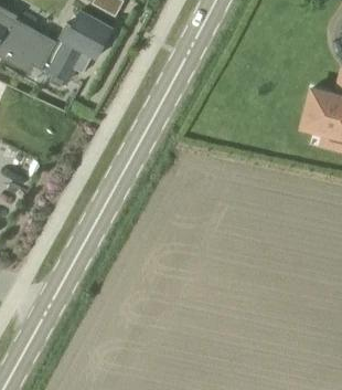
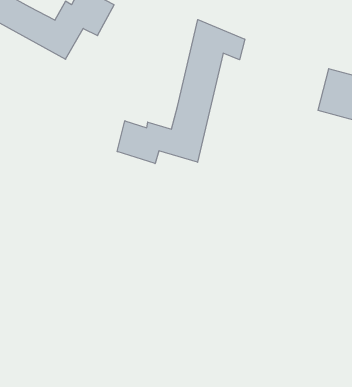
building: none -> [117,20,245,164]

